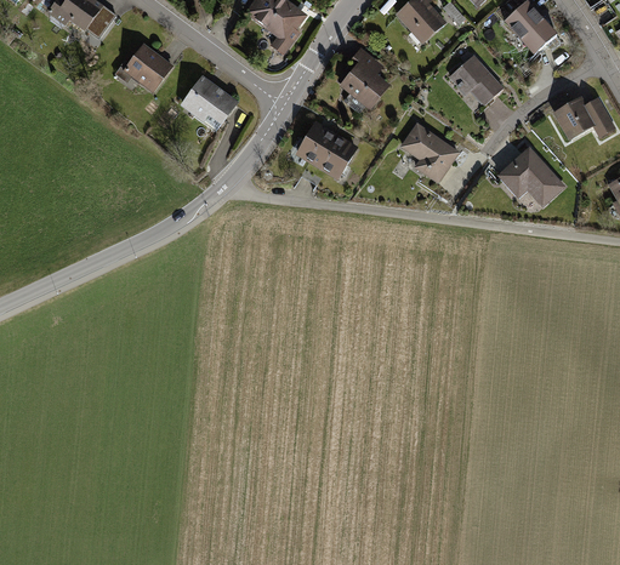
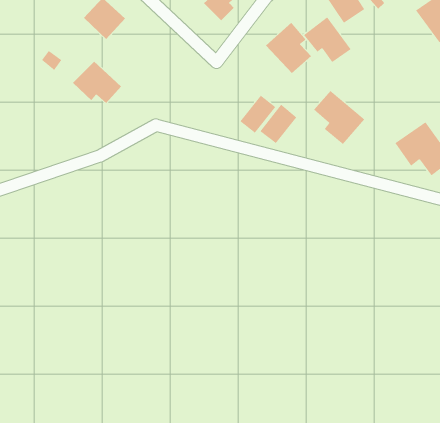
building: [446,52,504,104] -> [303,17,351,63]
building: [181,76,238,124] -> [72,61,122,104]
building: [296,122,337,169] -> [259,104,297,144]

